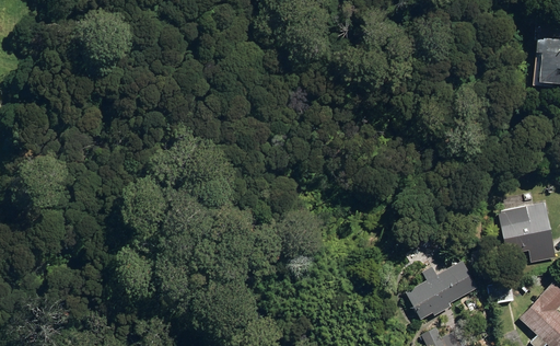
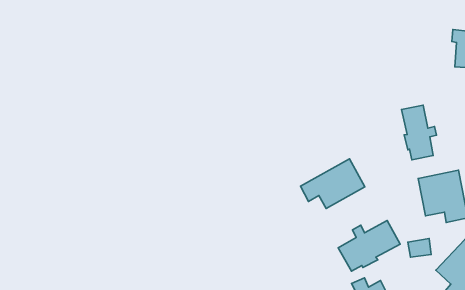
building: none -> [402,105,436,160]
building: none -> [300,159,365,209]

